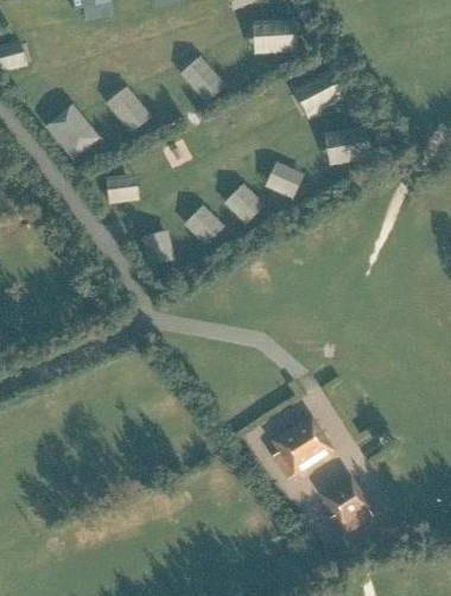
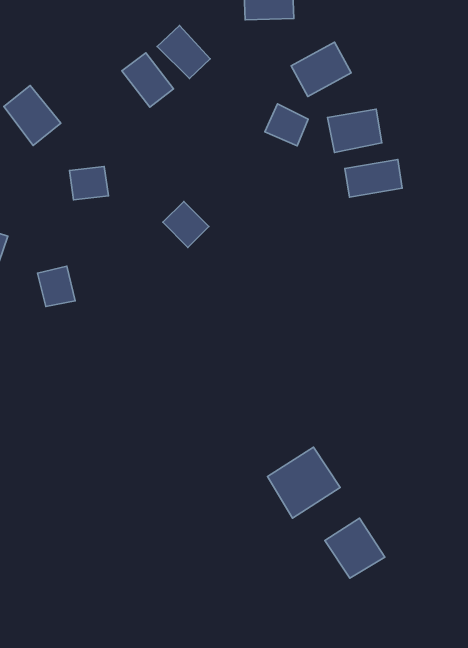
building: [106,87,150,133] -> [122,53,174,107]
building: [265,161,301,197] -> [265,104,308,146]
building: none -> [345,159,402,197]
building: [224,184,263,223] -> none
building: [141,230,173,265] -> [38,266,75,307]

